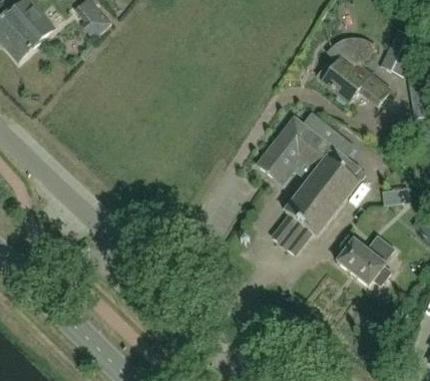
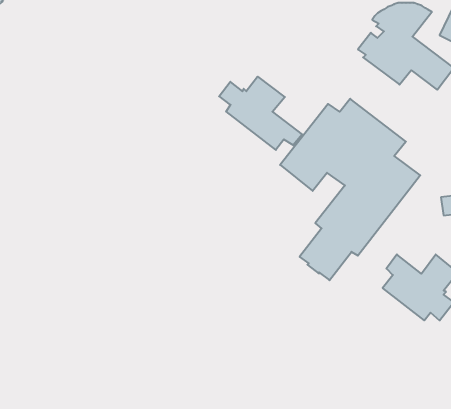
building: none -> [219,77,302,150]

